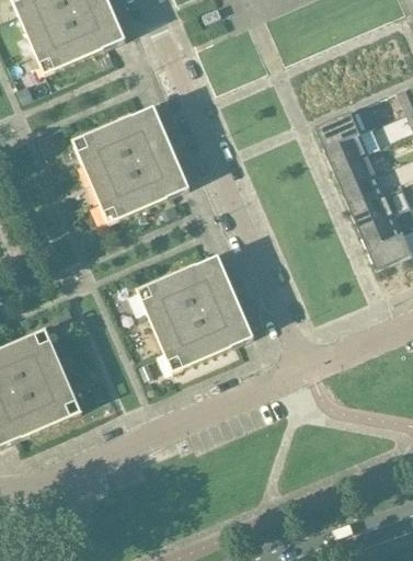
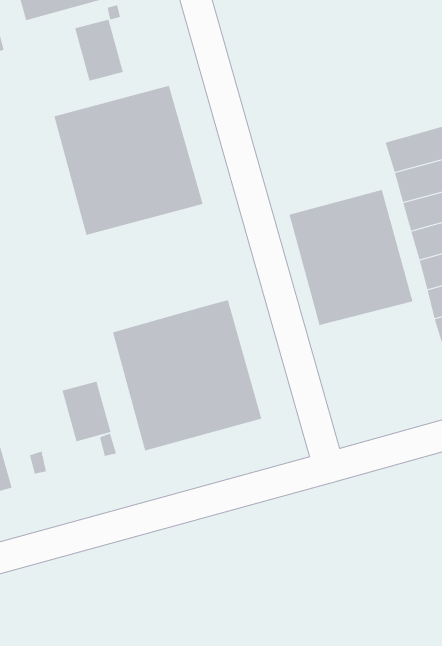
building: none -> [75,19,124,82]
building: none -> [289,189,413,326]
building: none -> [62,381,111,442]

